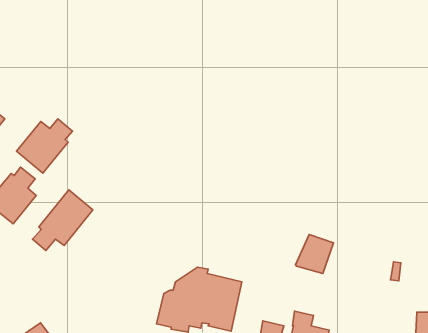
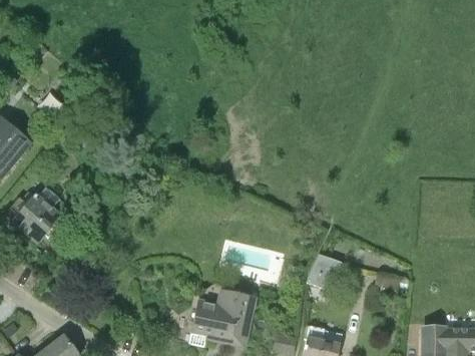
building: [16,119,73,173] -> none
building: [33,190,93,251] -> none

